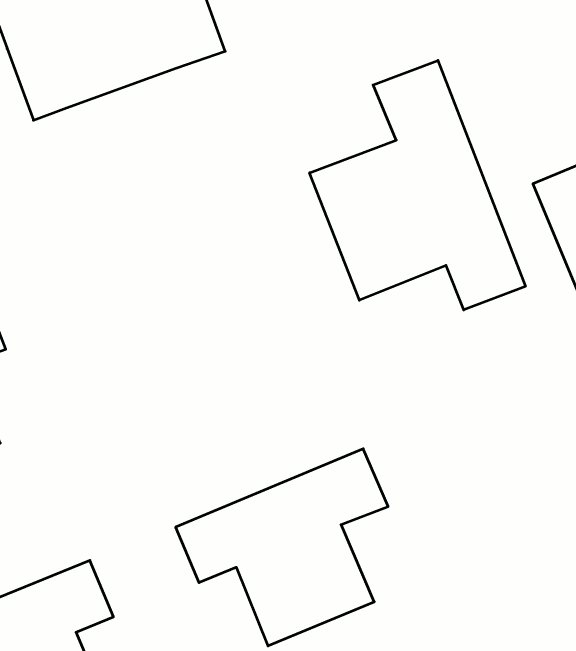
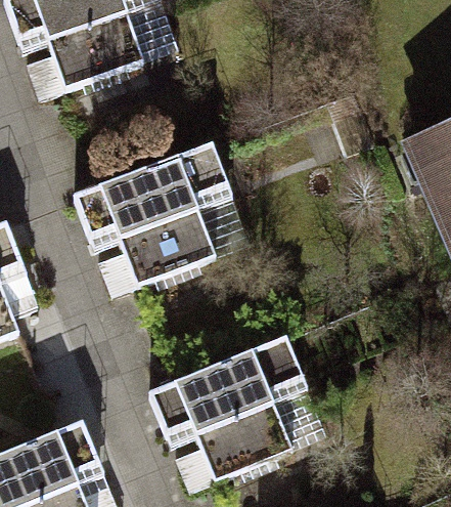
building: [310,60,525,310] -> none
building: none -> [72,141,229,286]

